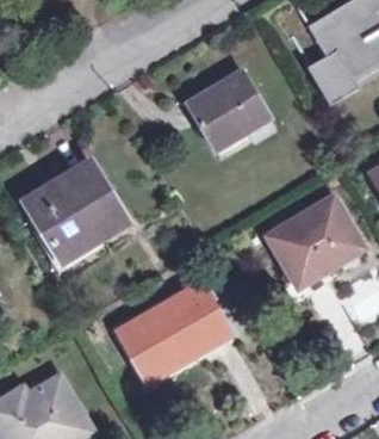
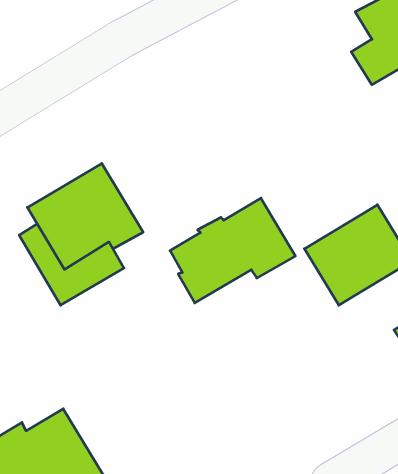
building: [190,73,269,148] -> none
building: [123,284,231,375] -> [170,198,295,303]

